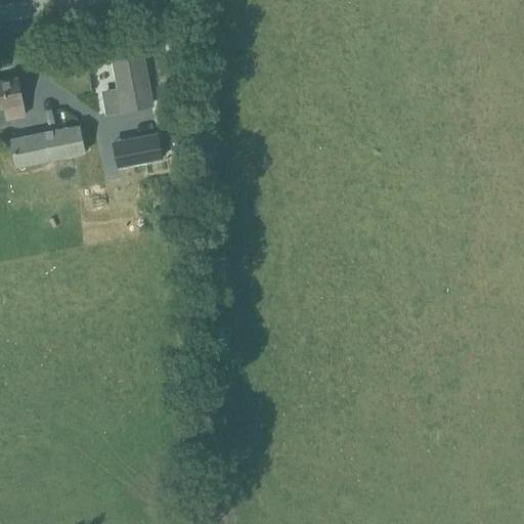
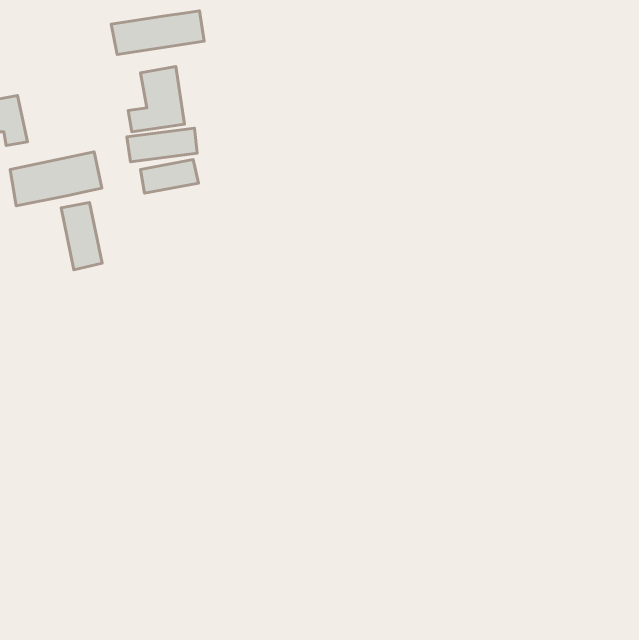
building: none -> [111,11,204,54]
building: none -> [61,203,102,270]

